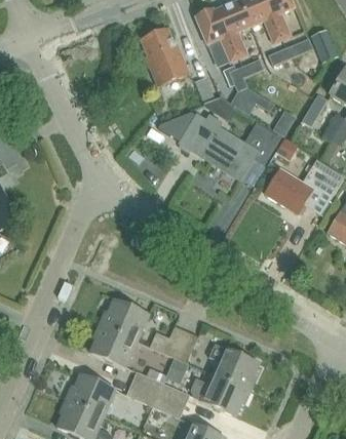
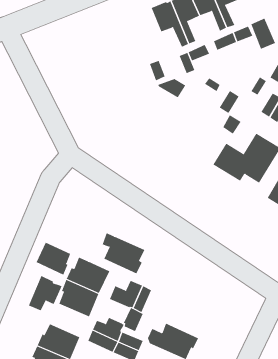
building: [142,29,189,86] -> none
building: [158,112,280,178] -> none
building: none -> [36,242,71,275]
building: none -> [28,275,63,311]
building: [209,344,259,391] -> [102,233,145,274]

